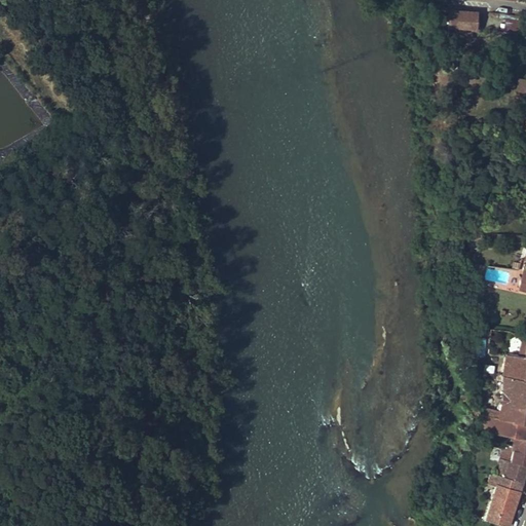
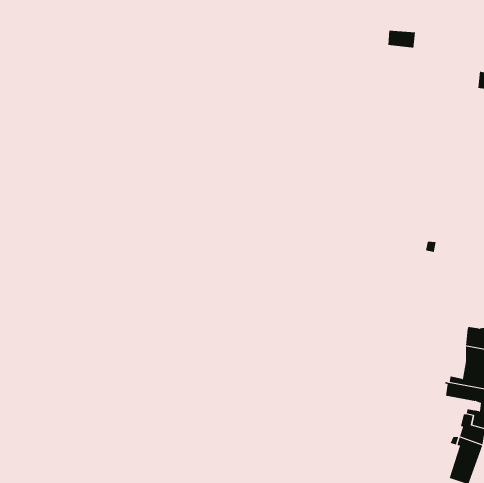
building: [449,11,480,31] -> [387,30,416,48]

